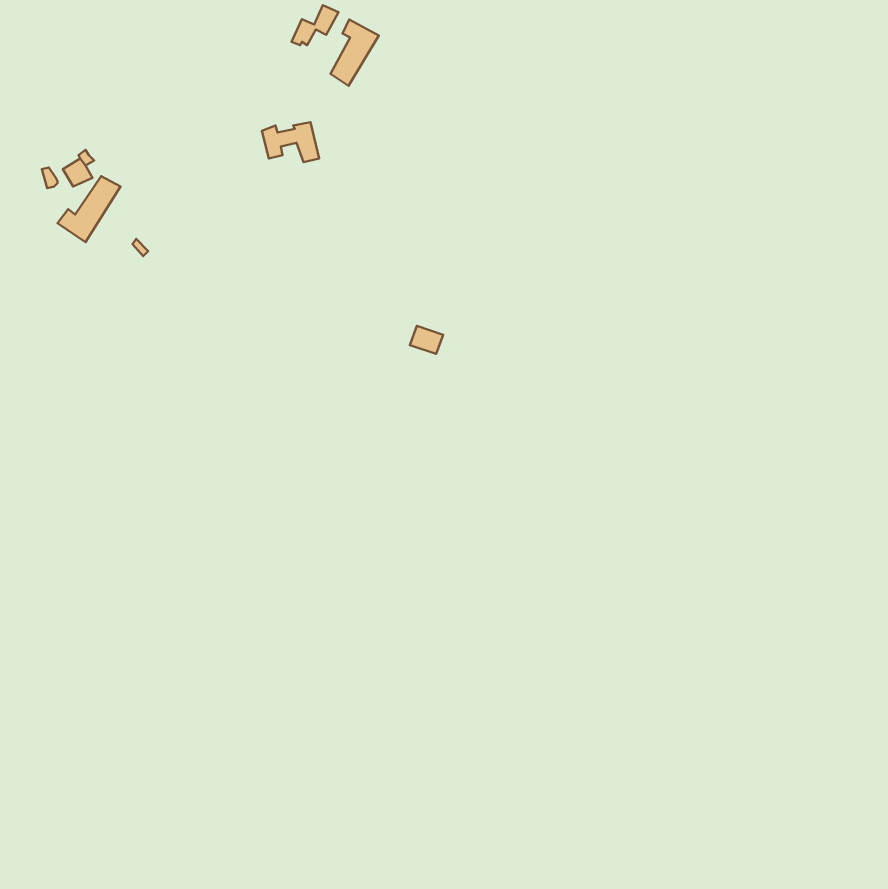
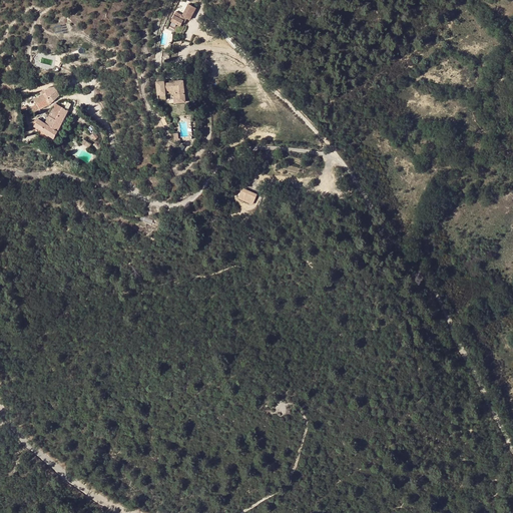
building: [330,19,379,86] -> none

